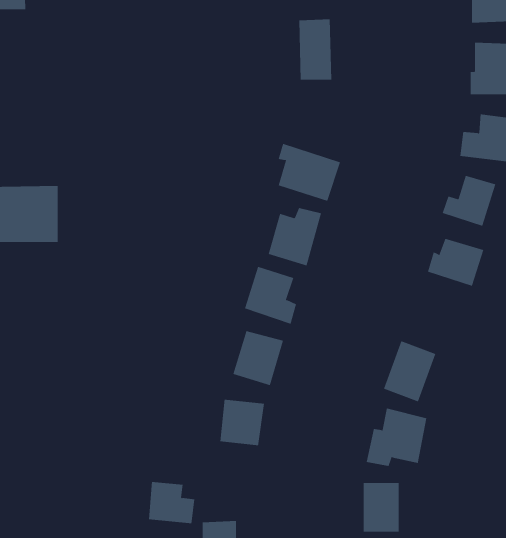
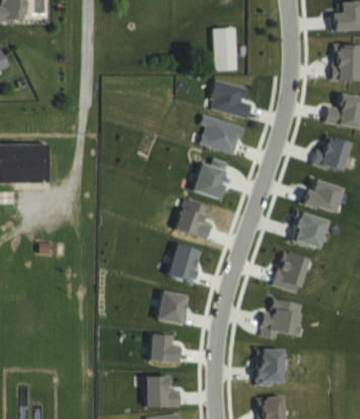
building: none -> [209,79,251,119]
building: none -> [292,212,328,249]
building: [148,481,195,524] -> [151,334,184,363]

